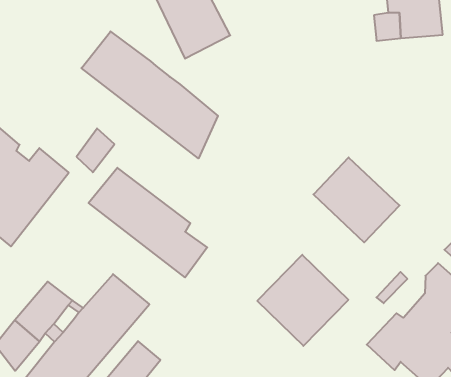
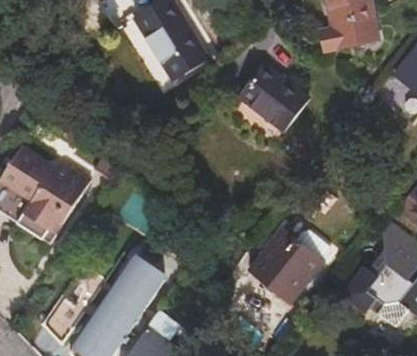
building: [81,31,218,158] -> none
building: [313,157,400,242] -> [239,63,309,130]
building: [89,168,207,277] -> none

